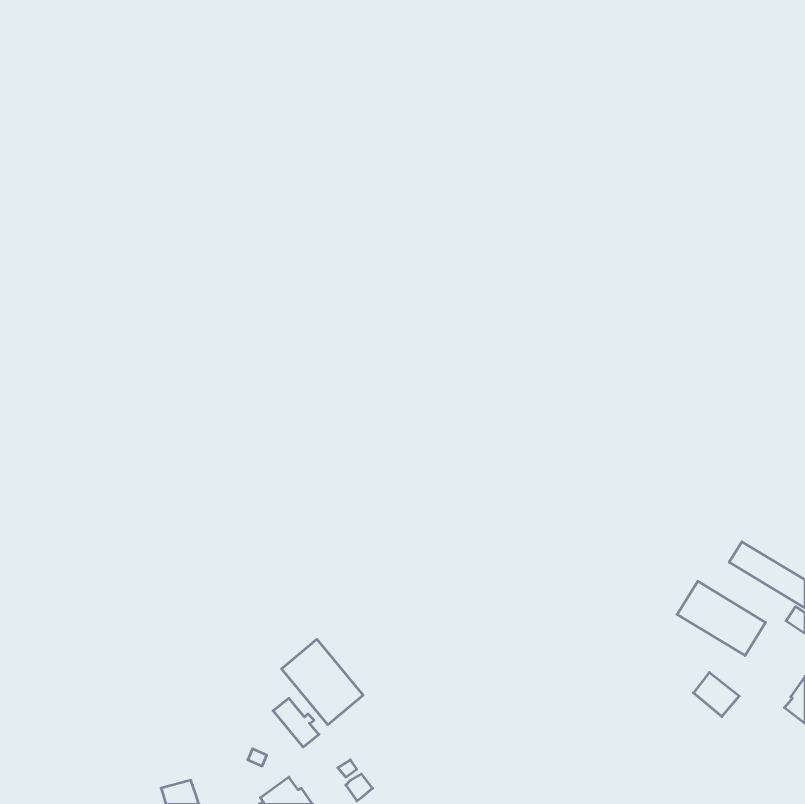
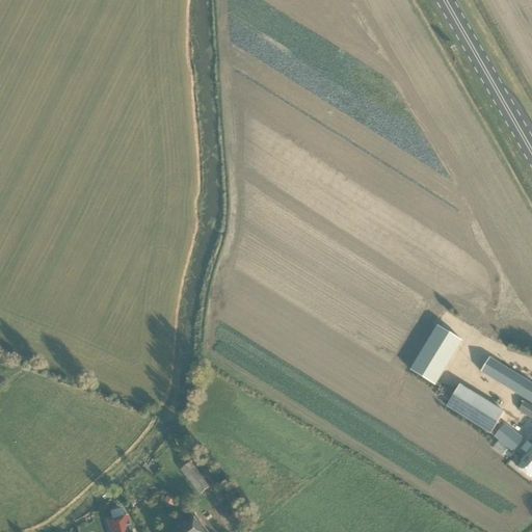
building: none -> [409,323,461,383]
building: [282,639,363,725] -> none
building: [693,672,739,717] -> [494,421,524,450]

